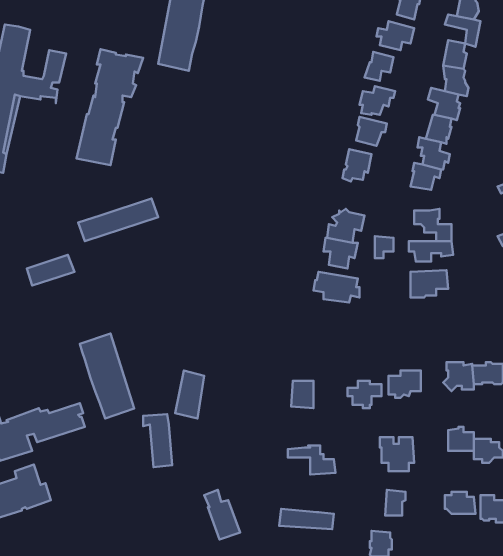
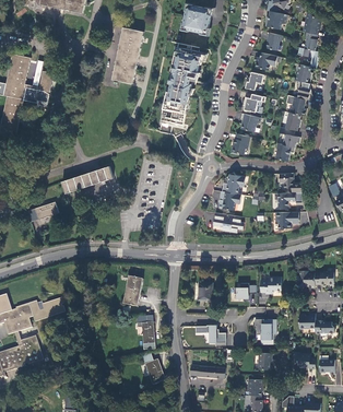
building: [77,49,143,165] -> [161,50,203,125]
building: [80,334,134,419] -> none
building: [143,414,172,467] -> [137,316,155,350]

